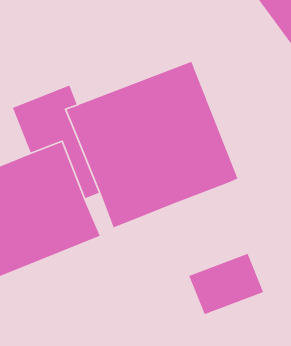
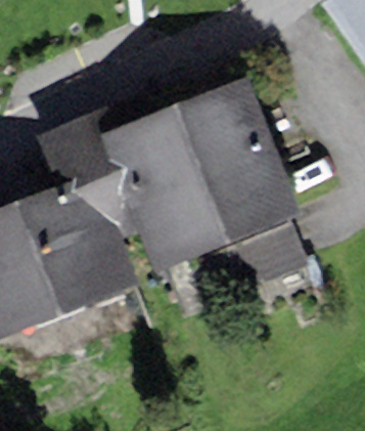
building: [188,253,264,315] -> [221,219,309,292]

